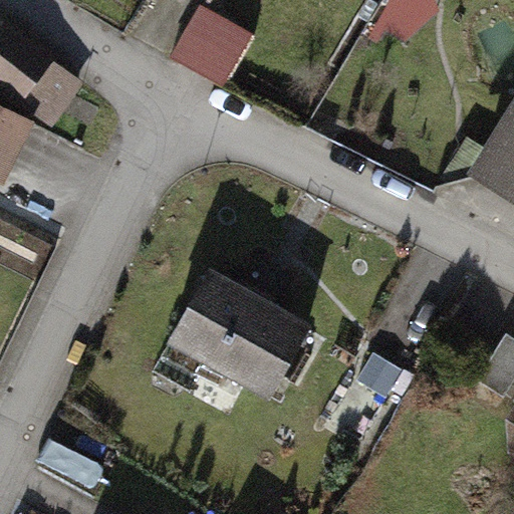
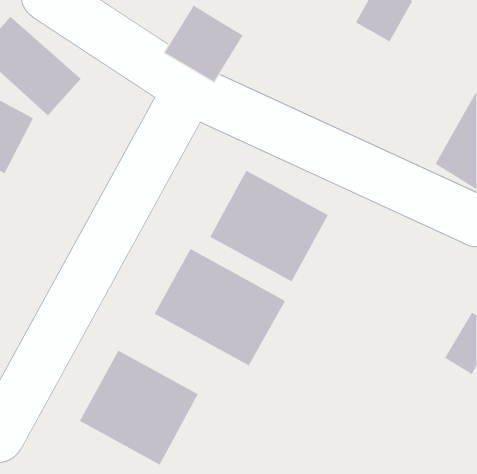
building: none -> [210,170,328,282]
building: none -> [79,350,198,465]

